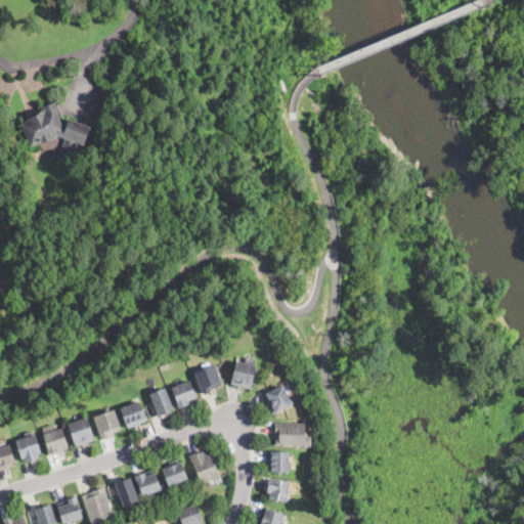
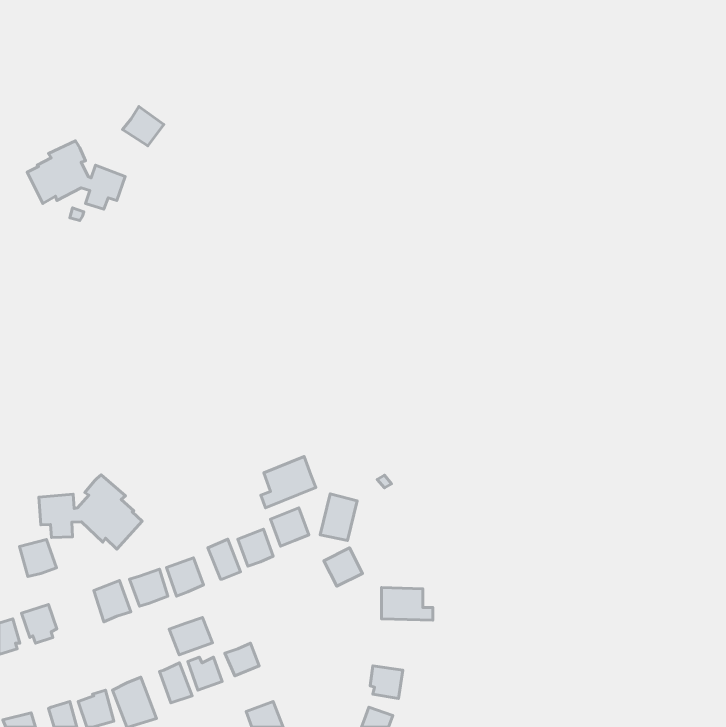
building: none -> [123,107,164,146]
building: none -> [261,456,316,508]
building: none -> [39,475,142,549]
building: [263,386,291,413] -> [324,548,362,586]
building: [42,429,69,455] -> [19,539,56,576]
building: none -> [169,617,213,655]
building: [188,451,220,485] -> none
building: [266,451,288,473] -> none

